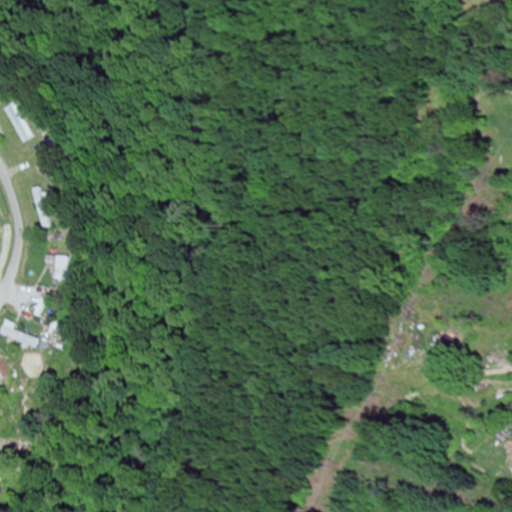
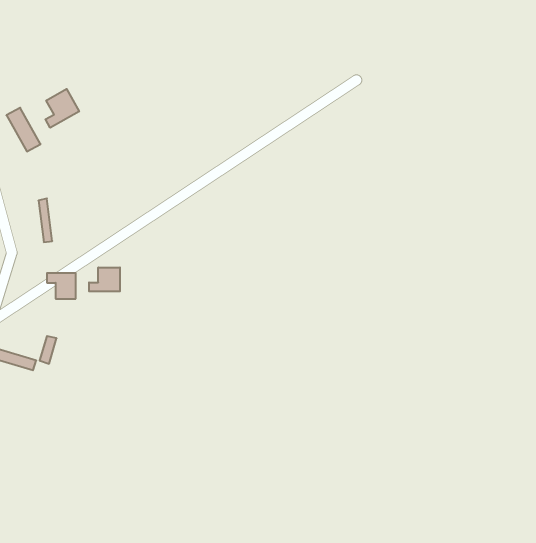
building: none -> [45,89,79,128]
building: none -> [89,267,120,291]

